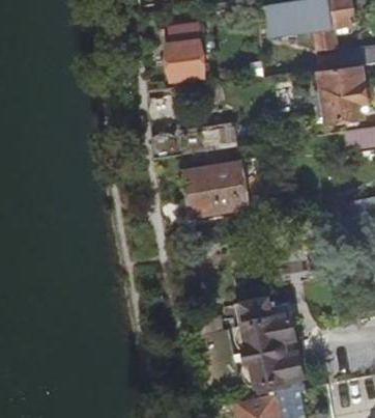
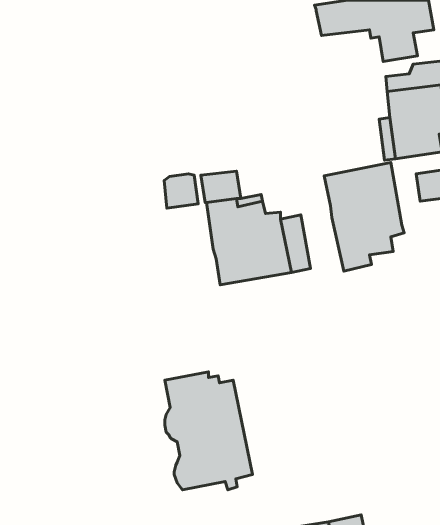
building: [167,25,204,80] -> none
building: none -> [324,163,404,271]
building: [235,300,301,389] -> [165,372,252,490]

